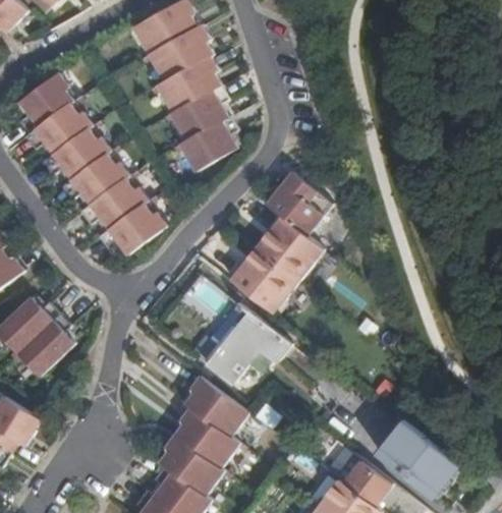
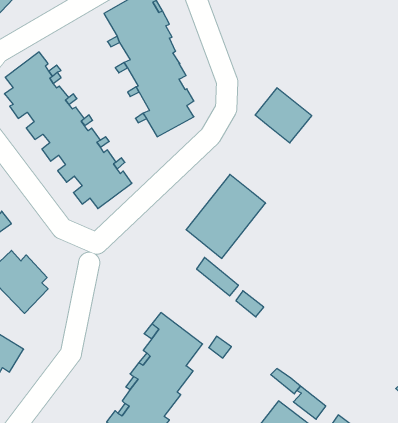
building: [264,171,330,235] -> [255,88,312,143]
building: [204,325,279,382] -> none
building: [376,417,462,500] -> none

